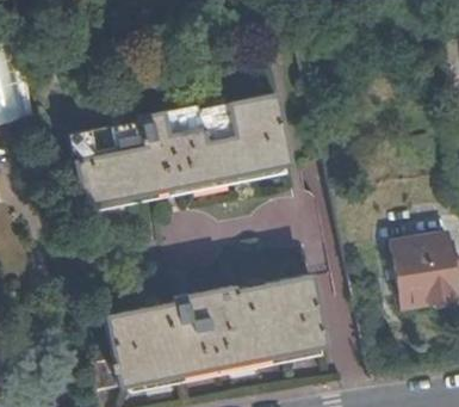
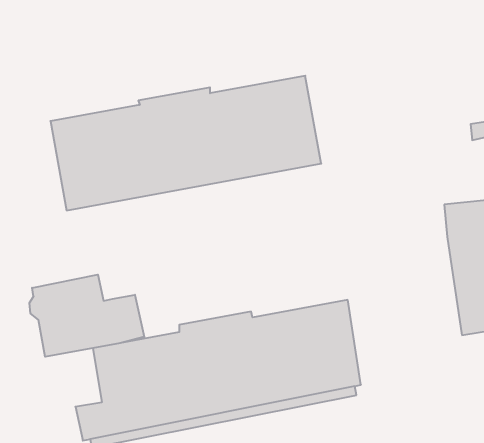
building: none -> [30,275,144,357]

